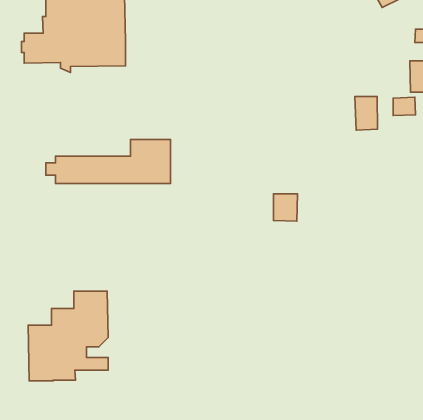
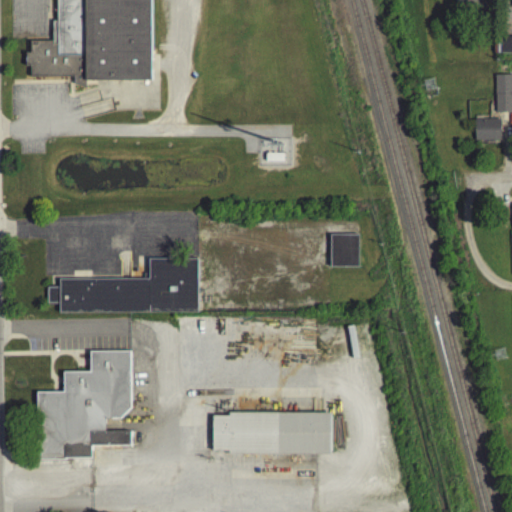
building: [355,96,378,130] -> none
building: [46,140,170,184] -> [48,258,198,311]
building: none -> [212,411,332,454]

